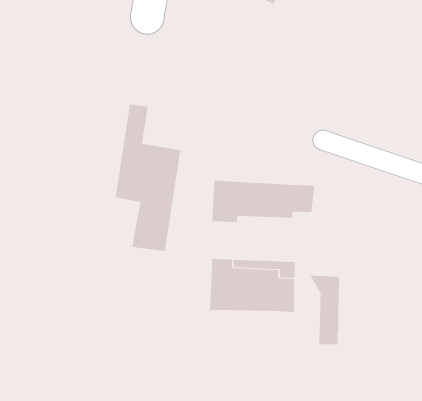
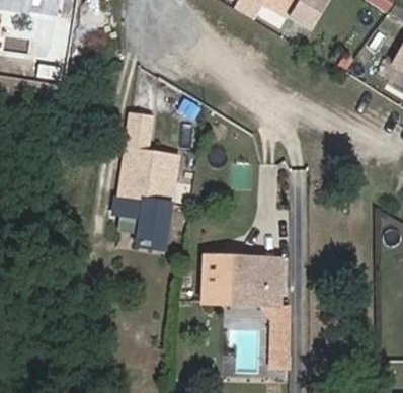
building: [212,180,315,223] -> none
building: [310,275,340,345] -> [260,301,288,364]

